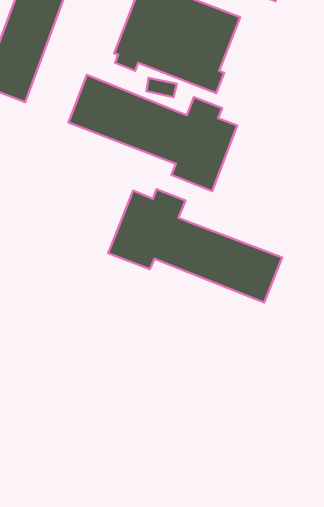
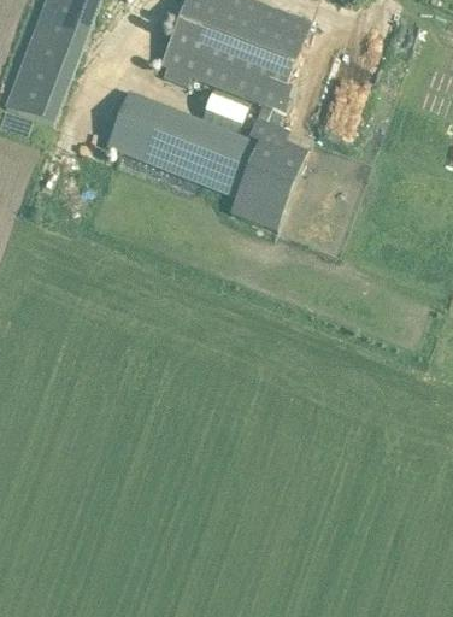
building: [108,189,282,303] -> none

